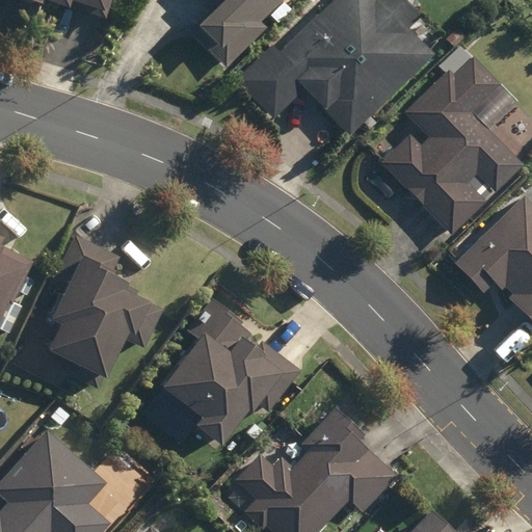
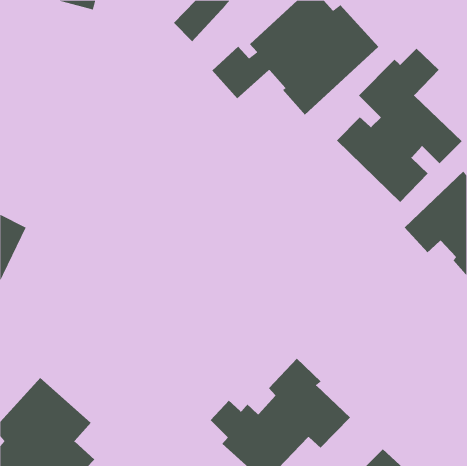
building: [51,237,163,390] -> none
building: [164,299,295,444] -> none

